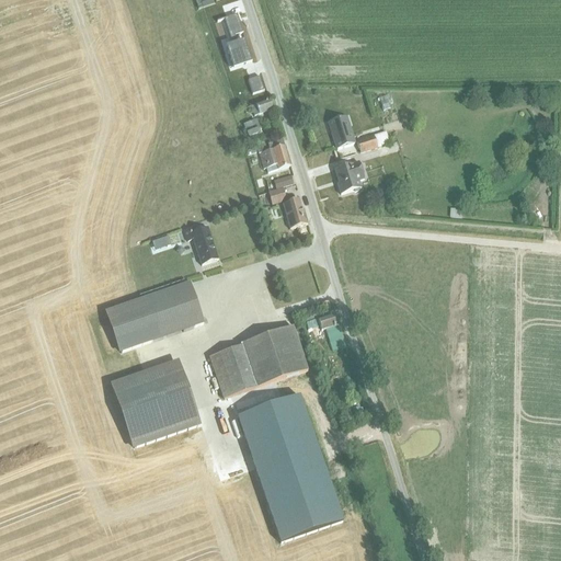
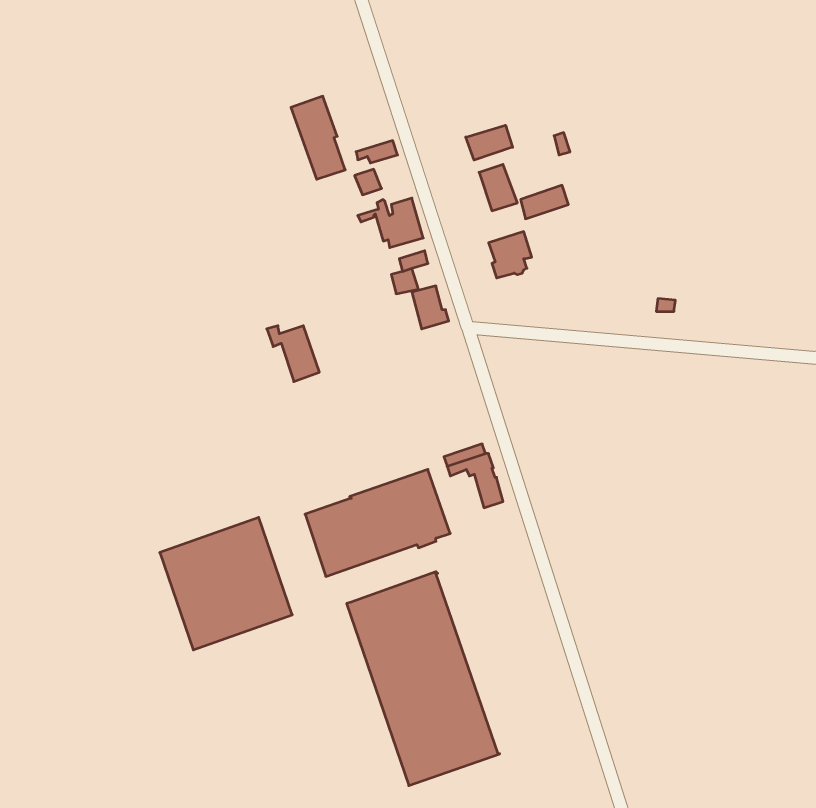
building: [215,11,252,68] -> [291,96,345,179]
building: none -> [466,125,513,160]
building: [105,279,204,350] -> none

